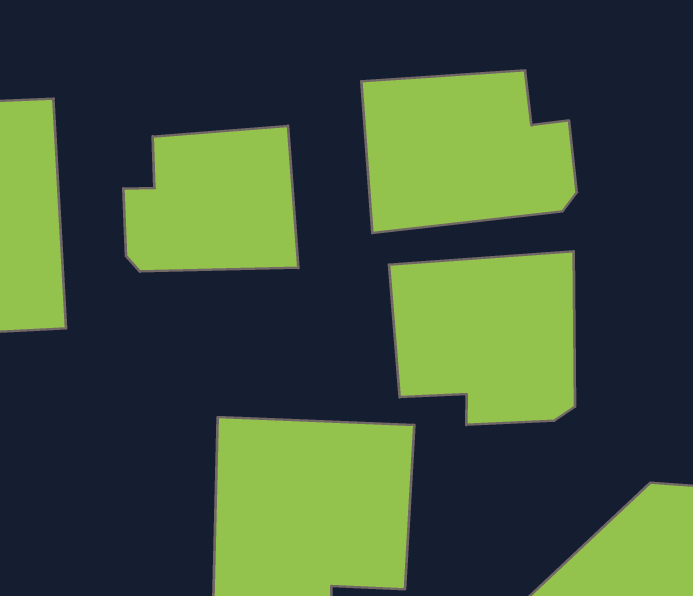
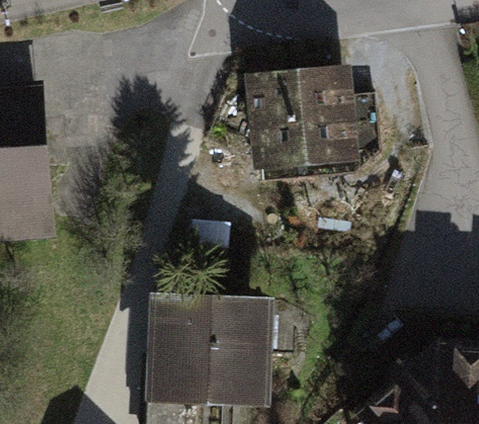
building: [123,126,298,272] -> none
building: [389,251,575,425] -> none

